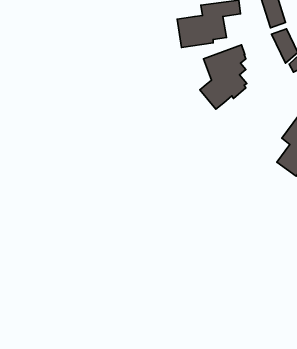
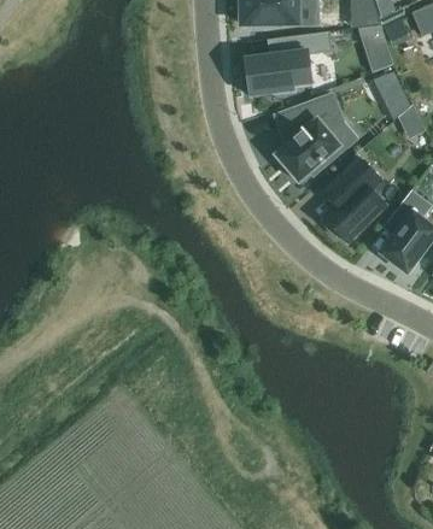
building: none -> [322,157,386,242]

